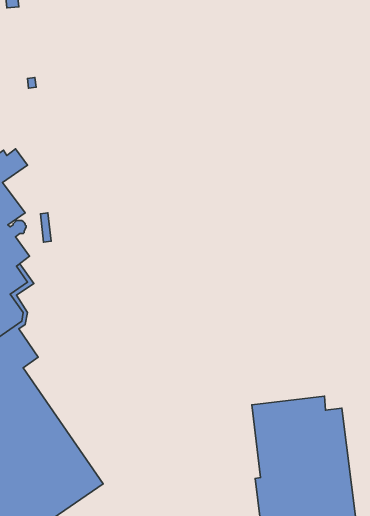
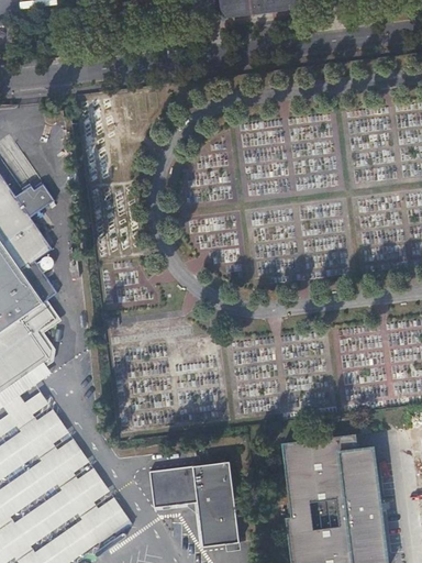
building: none -> [148,460,238,547]

